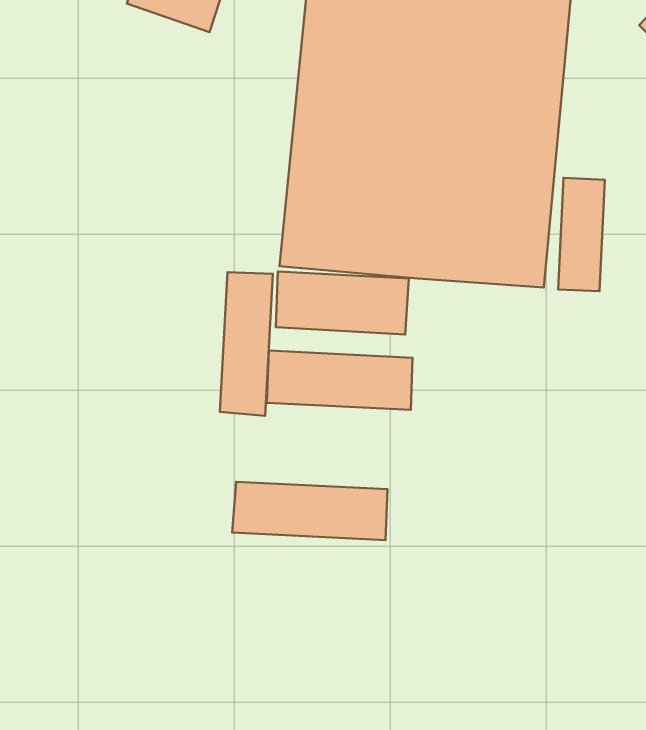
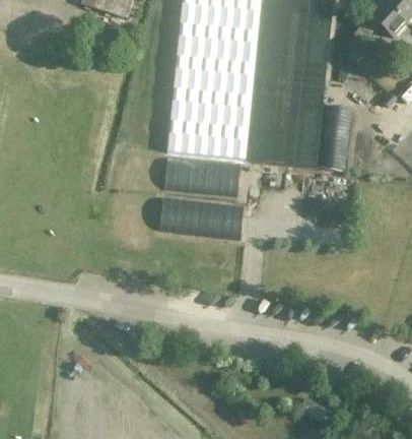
building: [220,272,273,416] -> none
building: [232,482,388,540] -> none

